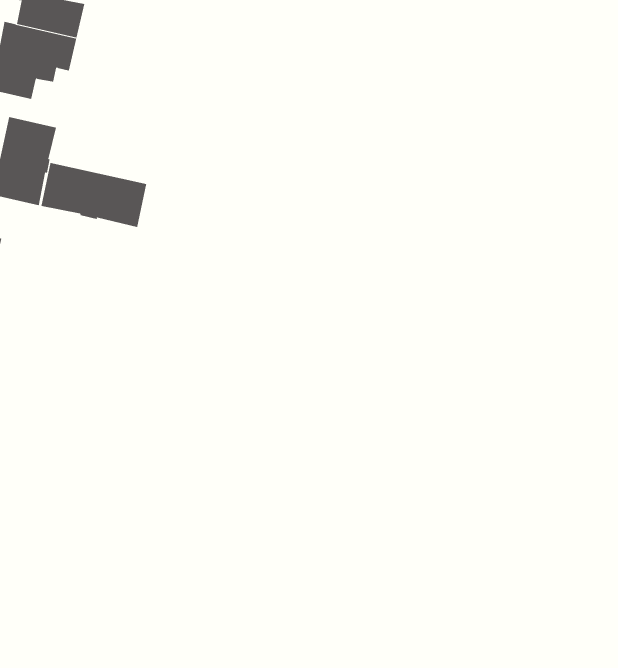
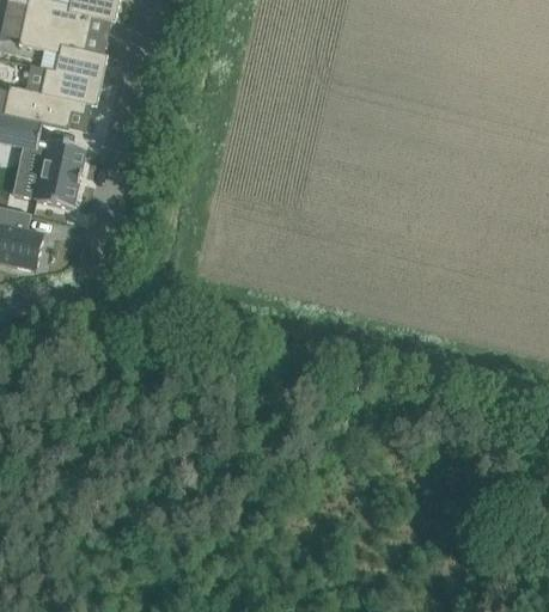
building: [41,162,147,228] -> none

